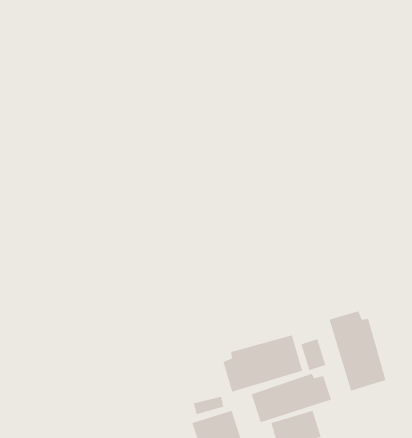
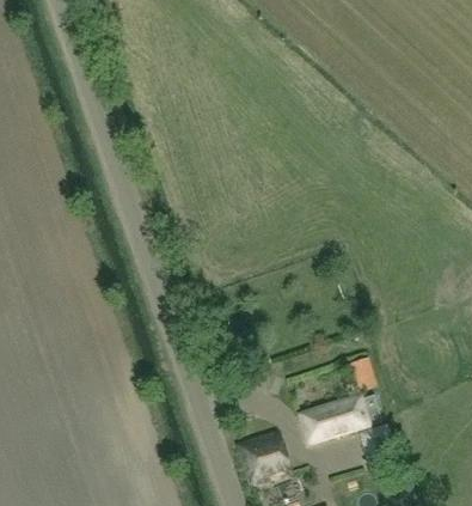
building: [329,310,386,391] -> none
building: [223,335,303,392] -> none

